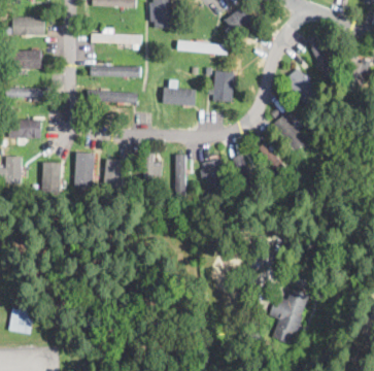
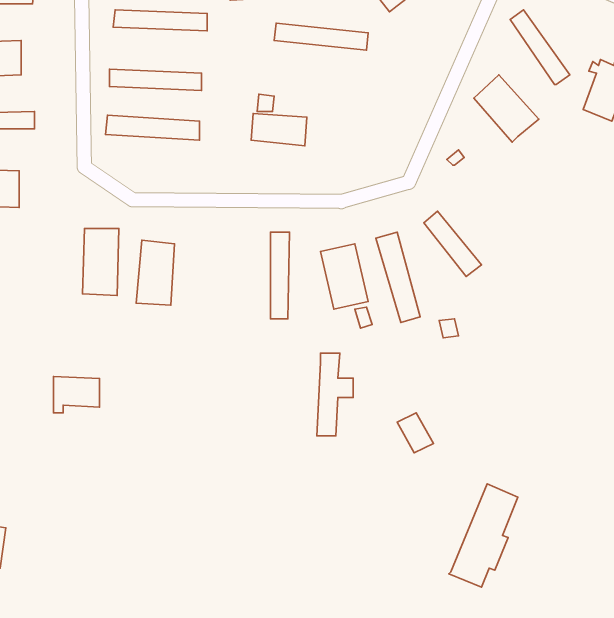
building: [213,71,234,101] -> none
building: [272,113,307,150] -> none
building: [141,153,161,197] -> [317,353,353,436]
building: [34,175,59,195] -> [54,376,100,413]

